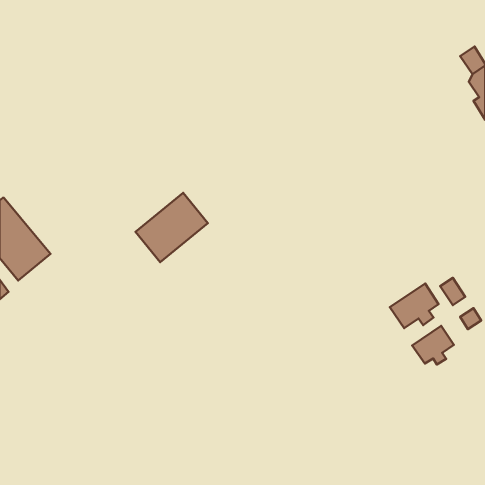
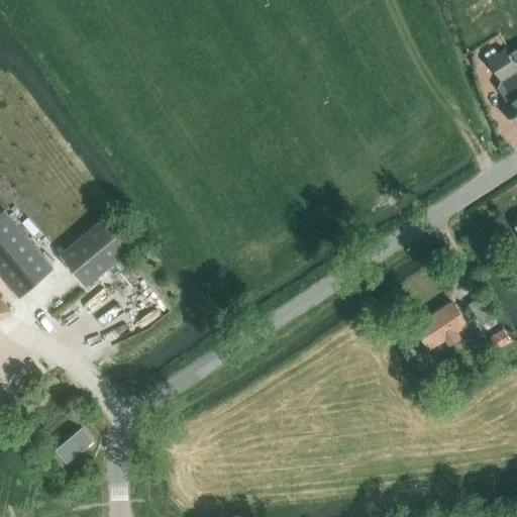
building: [136,193,208,262] -> [59,214,135,288]
building: [412,326,454,365] -> none
building: none -> [56,428,92,463]

